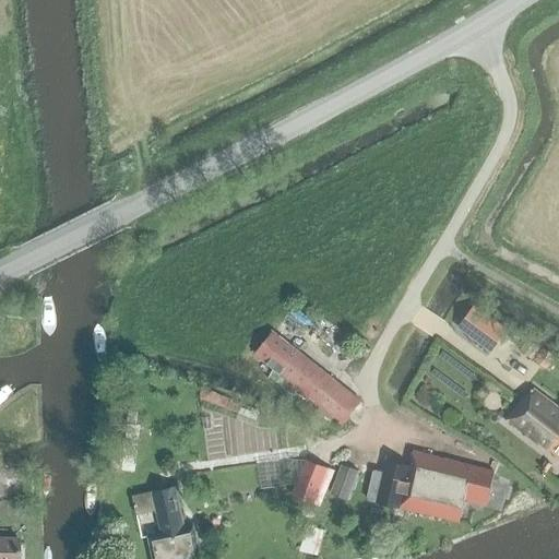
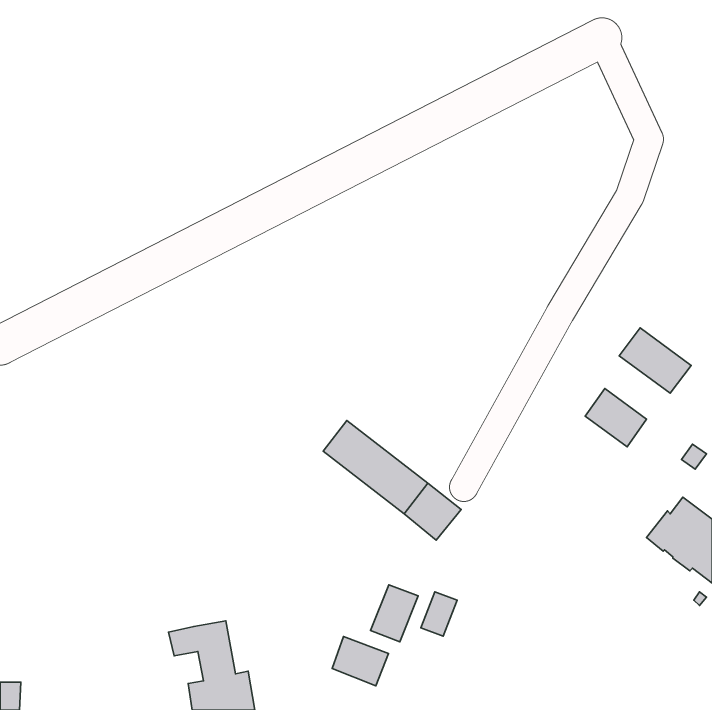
building: none -> [619,328,691,393]
building: [370,452,495,523] -> none
building: none -> [332,637,389,686]

